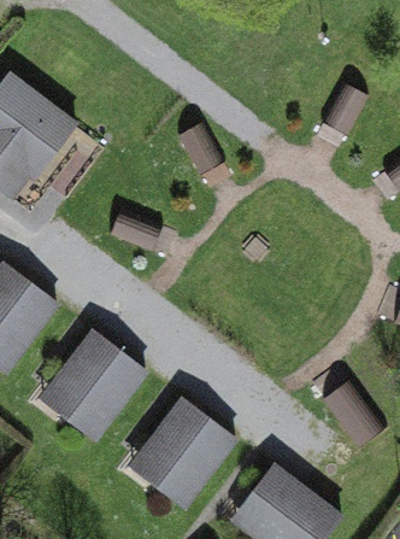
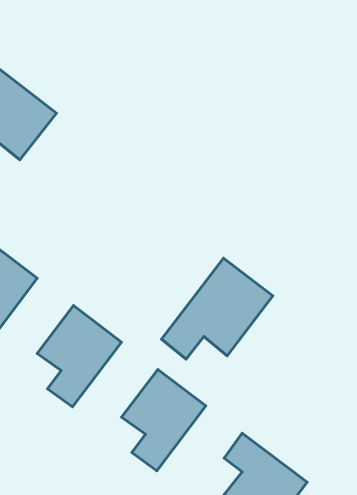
building: none -> [161,258,273,359]

